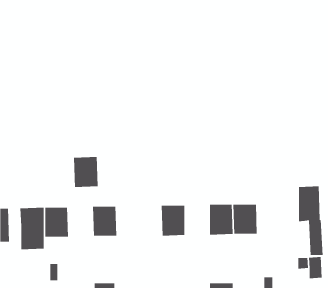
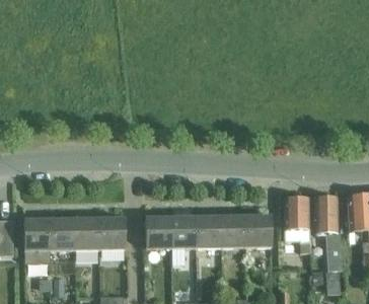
building: [73,157,98,188] -> [74,218,100,250]
building: none -> [285,198,311,253]
building: none -> [197,216,222,248]
building: none -> [146,217,172,249]

